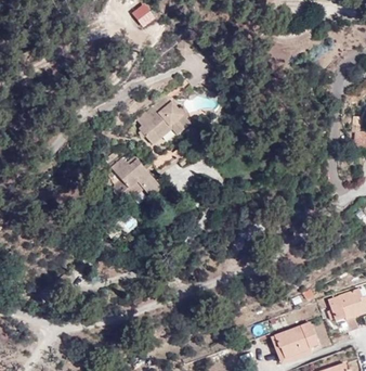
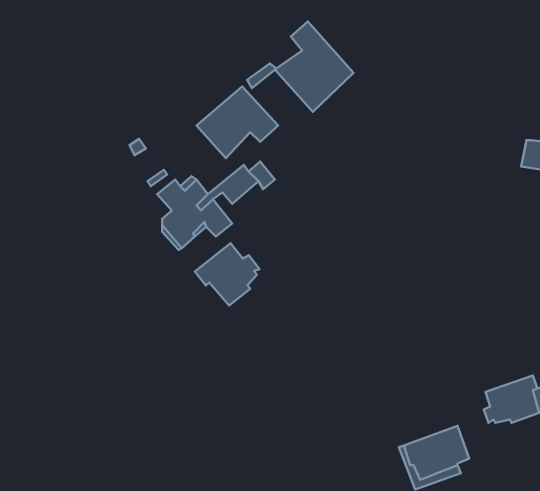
building: none -> [275,22,353,112]
building: none -> [195,243,259,305]

